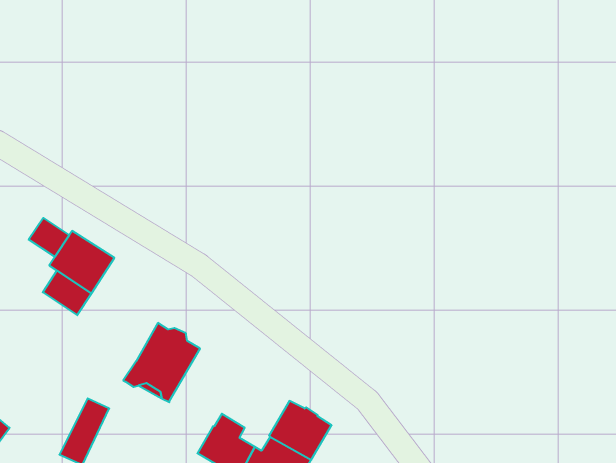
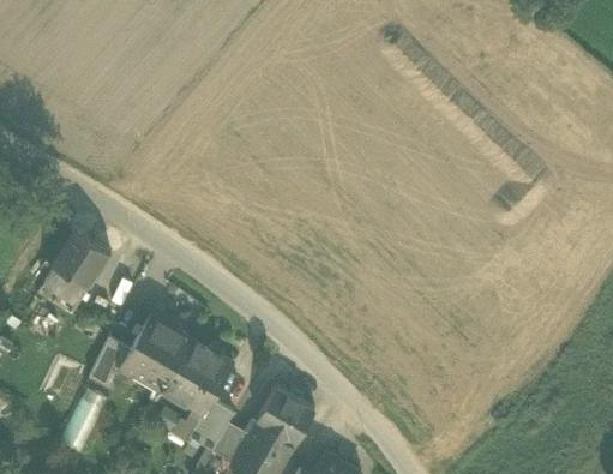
building: [29,218,69,257] -> none
building: none -> [89,338,131,390]
building: none -> [162,340,233,413]

